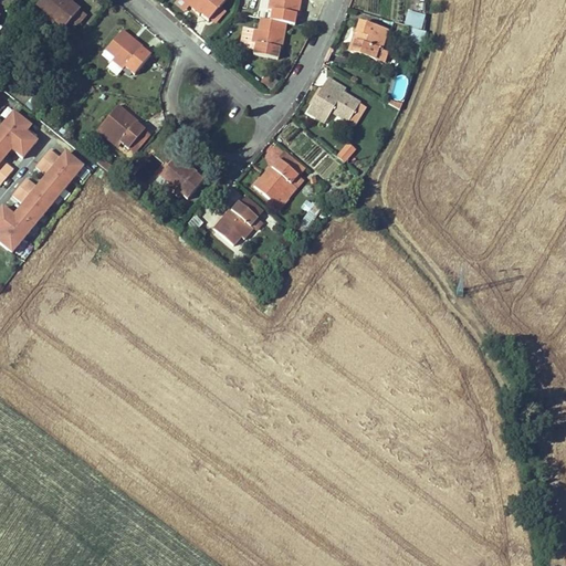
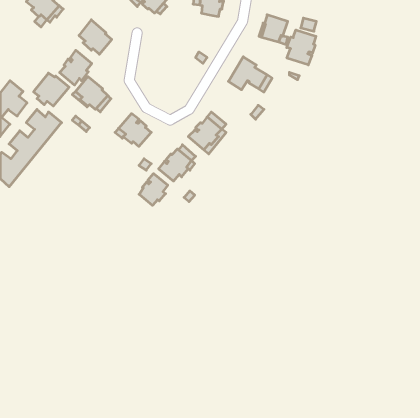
building: [252,15,286,56] -> none
building: none -> [287,30,316,65]
building: none -> [60,50,92,85]
building: none -> [34,73,69,106]
building: none -> [139,174,168,205]

